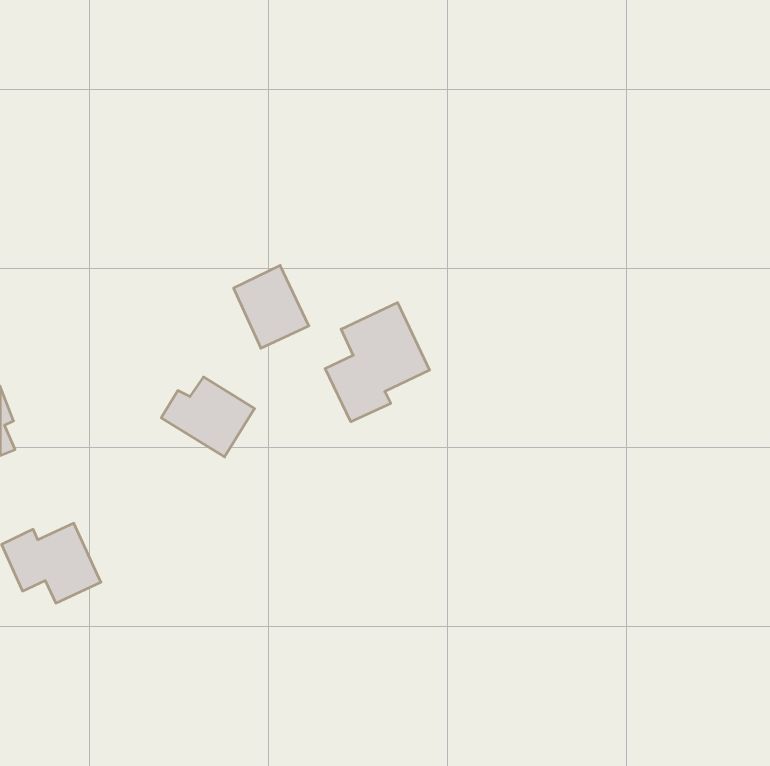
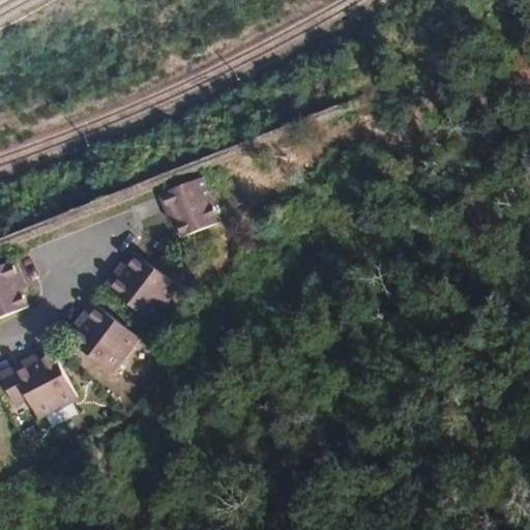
building: [325,303,430,422] -> none
building: none -> [83,304,141,366]

